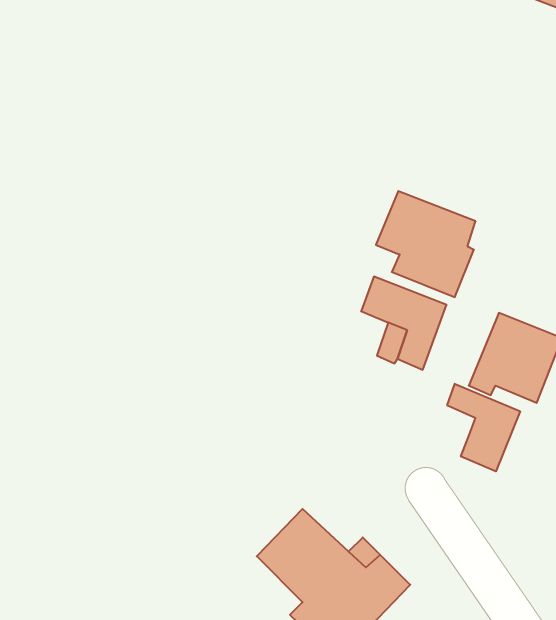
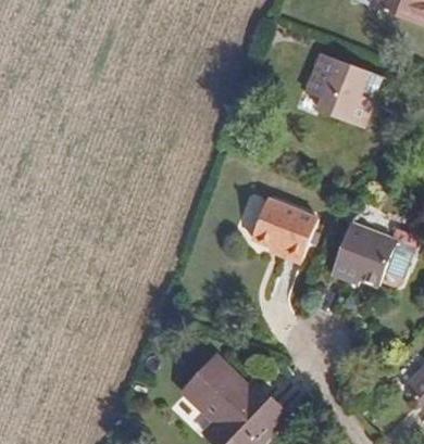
building: [376,191,476,297] -> [304,54,373,127]
building: [447,384,520,471] -> none

